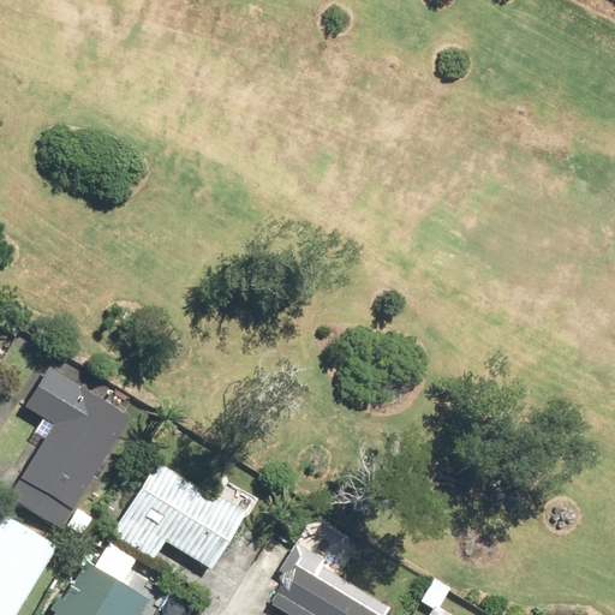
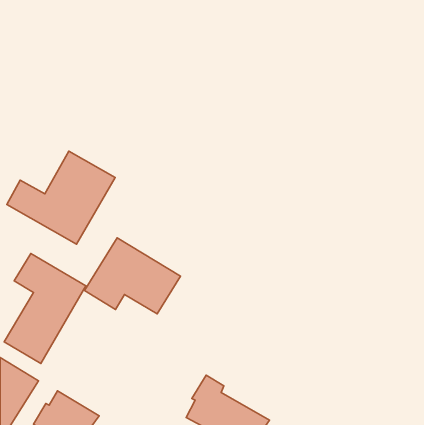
building: none -> [7,151,115,244]
building: [111,464,249,573] -> [85,238,181,314]

